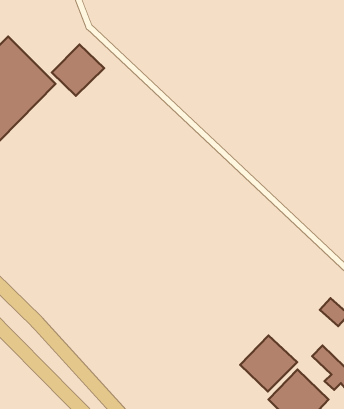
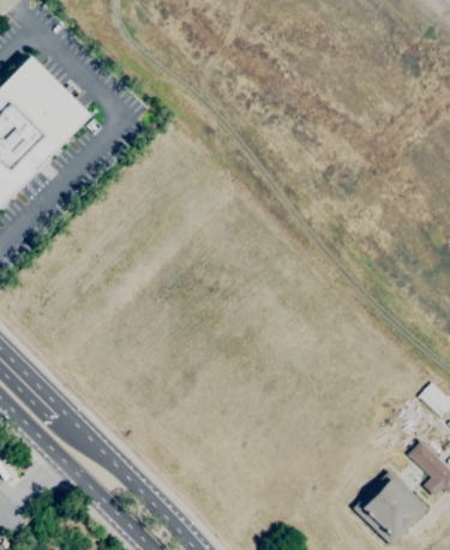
building: [52,45,104,96] -> none
building: [240,335,297,392] -> none

